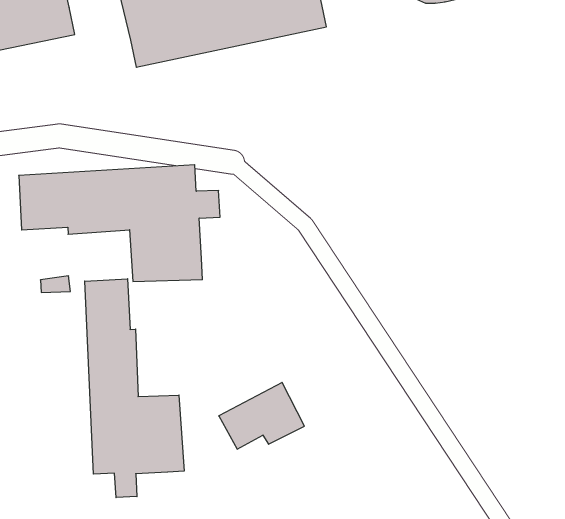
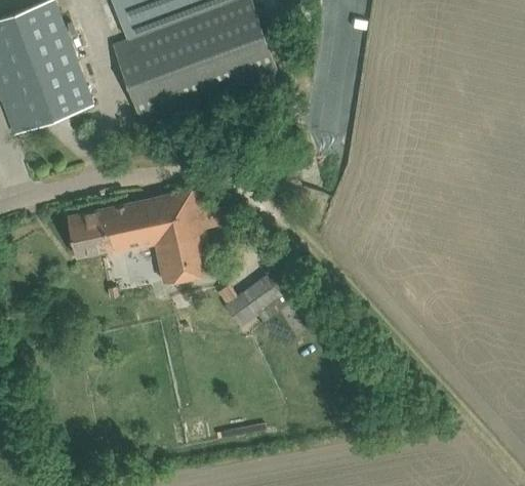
building: [85,279,184,498] -> none
building: [219,382,304,449] -> [221,271,286,325]

